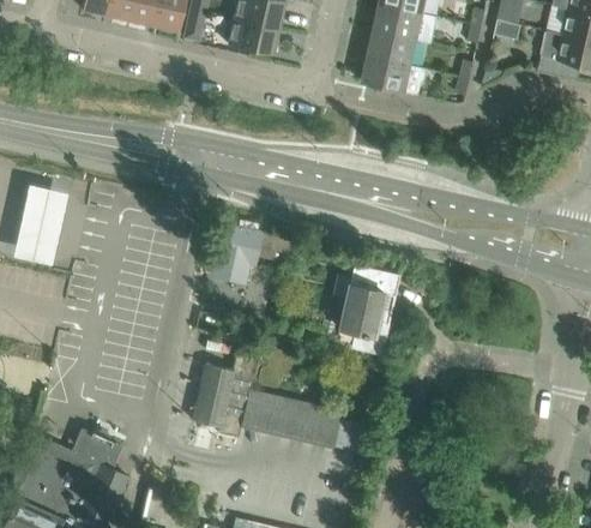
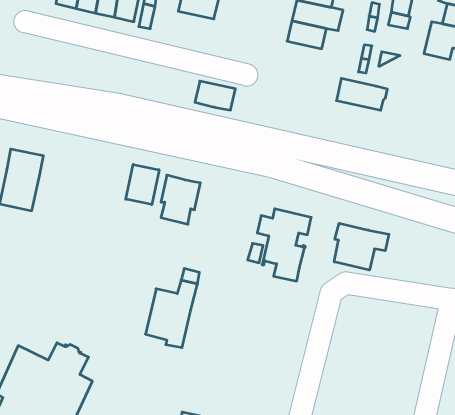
building: [227,18,277,54] -> [195,81,235,110]
building: [362,55,426,95] -> [336,78,387,110]
building: none -> [126,164,159,205]
building: none -> [334,223,389,270]
building: [248,394,367,449] -> none

